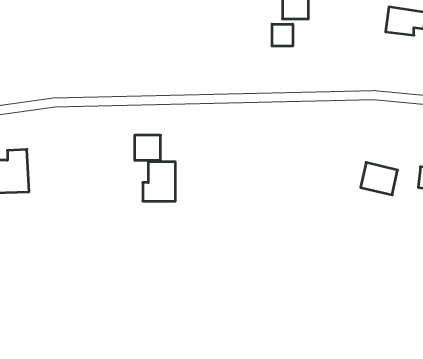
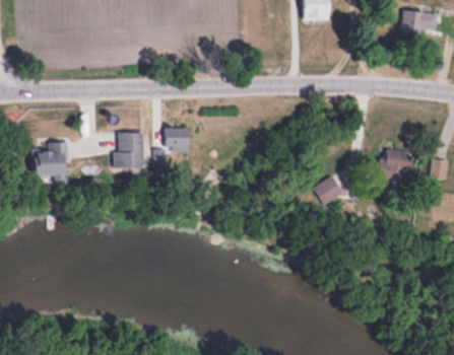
building: [272,24,293,46] -> none
building: [143,162,175,201] -> [113,132,143,168]
building: none -> [313,175,342,205]

